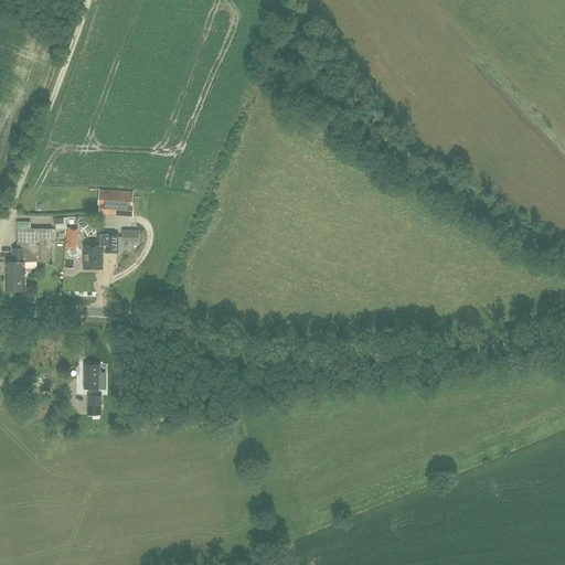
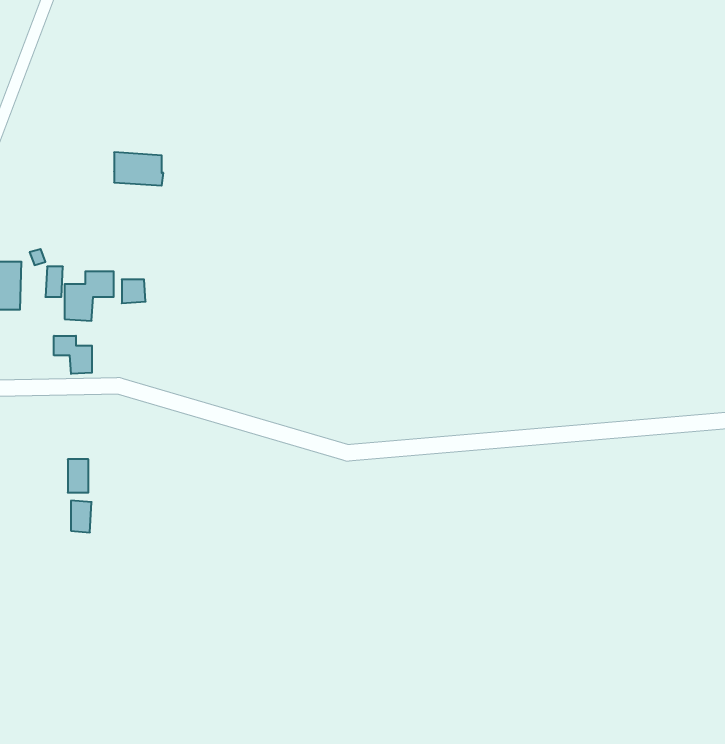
building: [98,190,132,213] -> [114,152,163,186]
building: none -> [54,336,92,374]

